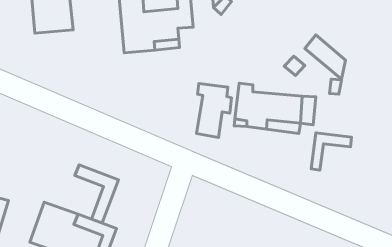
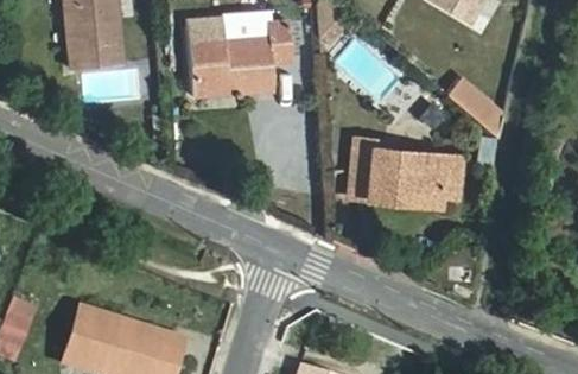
building: [196,83,232,138] -> none
building: [311,133,351,170] -> none
building: [75,165,118,223] -> none

